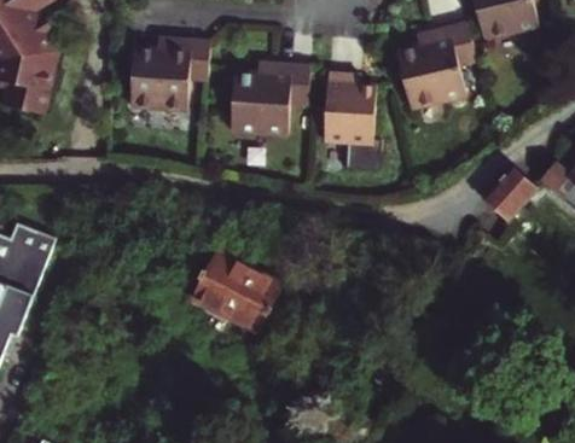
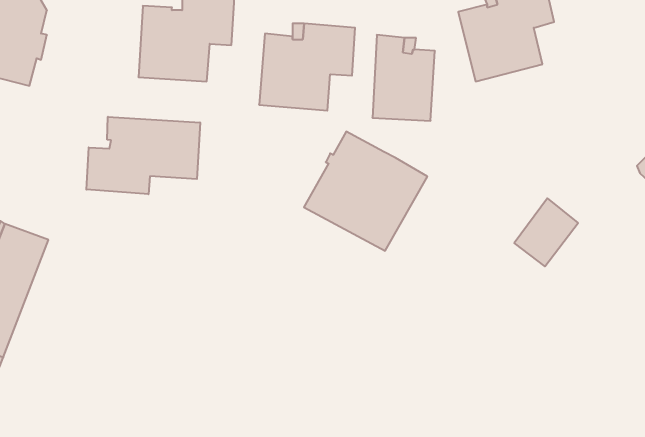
building: none -> [86,117,200,194]
building: [490,163,544,220] -> [514,198,578,266]
building: [180,253,283,352] -> [304,132,427,251]

